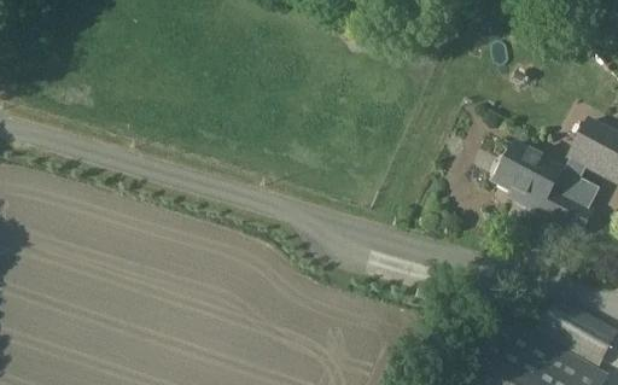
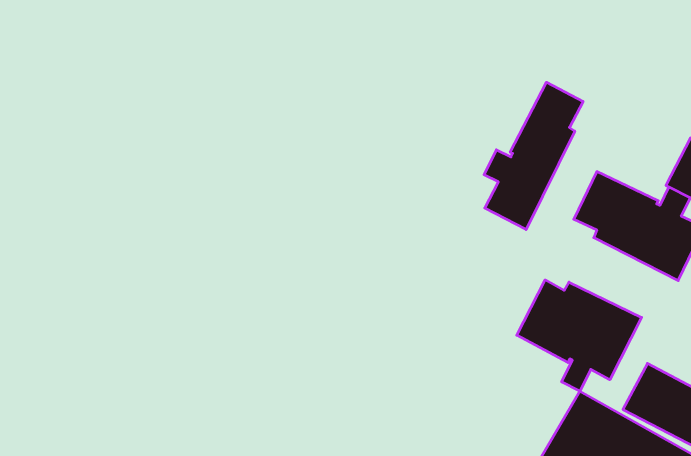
building: none -> [484,82,583,230]
building: none -> [517,280,642,391]

